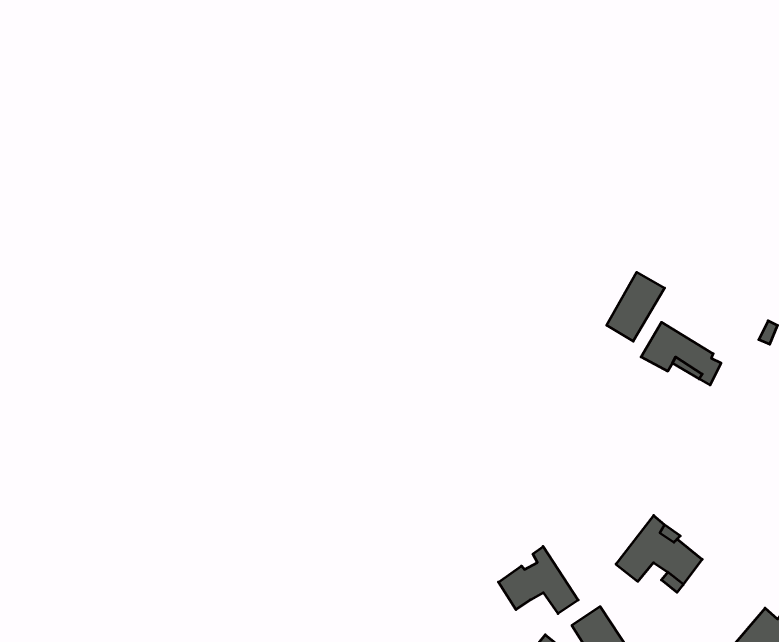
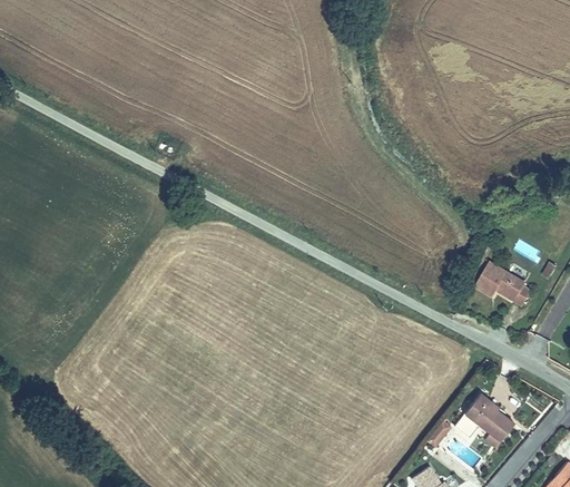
building: [607,272,665,341] -> none
building: [498,546,578,614] -> none

